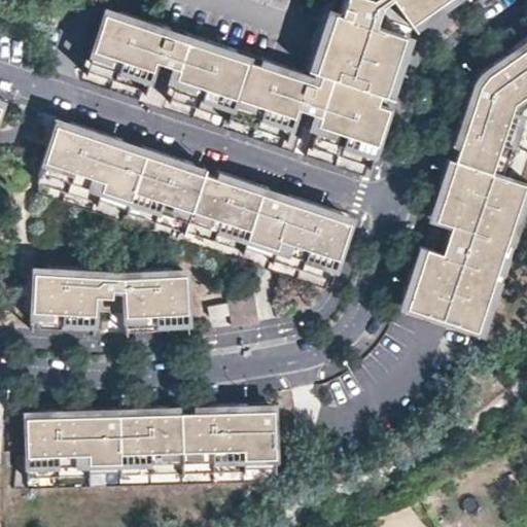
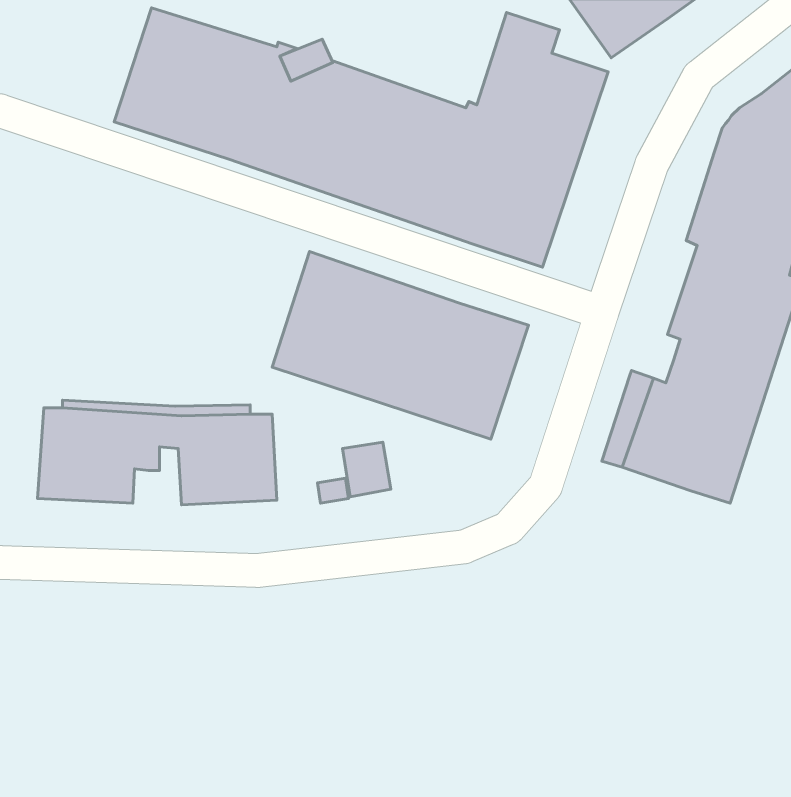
building: [40,111,209,242] -> none
building: [17,400,275,488] -> none

